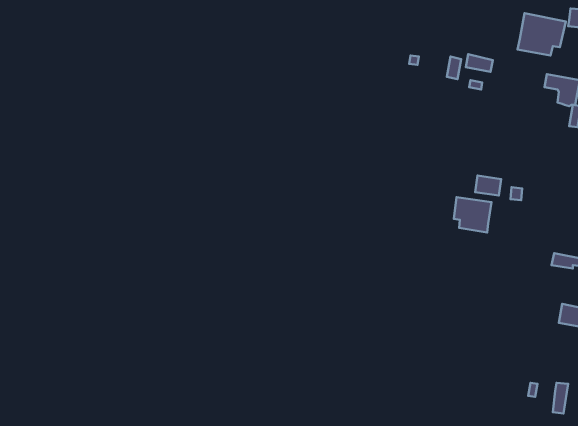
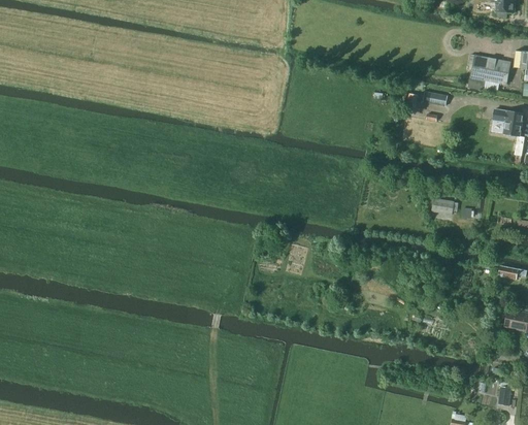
building: [454,197,492,233] -> none

